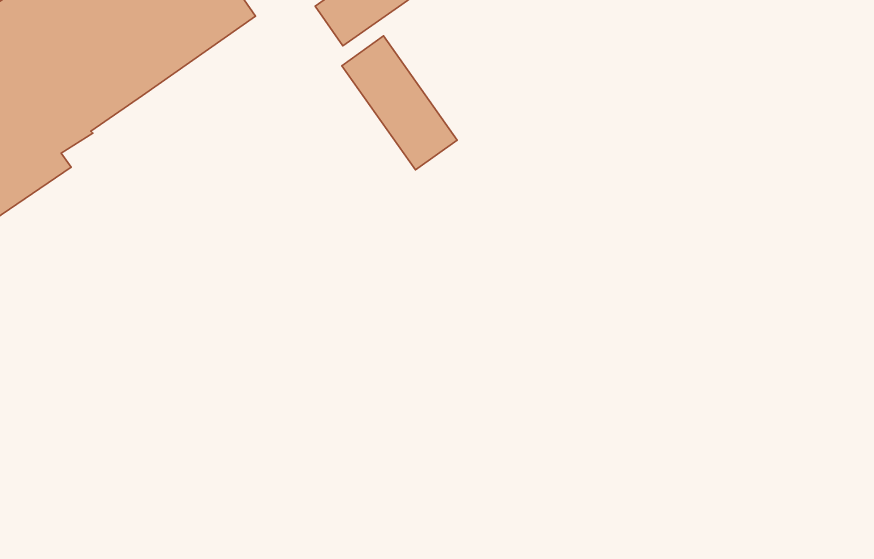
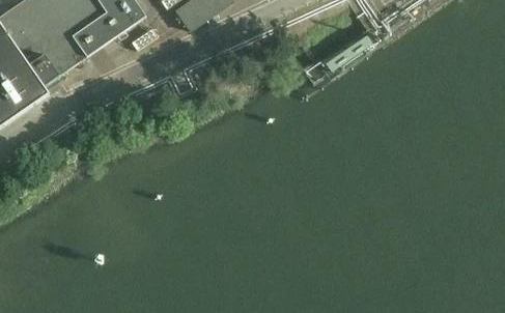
building: [342,36,457,170] -> none

